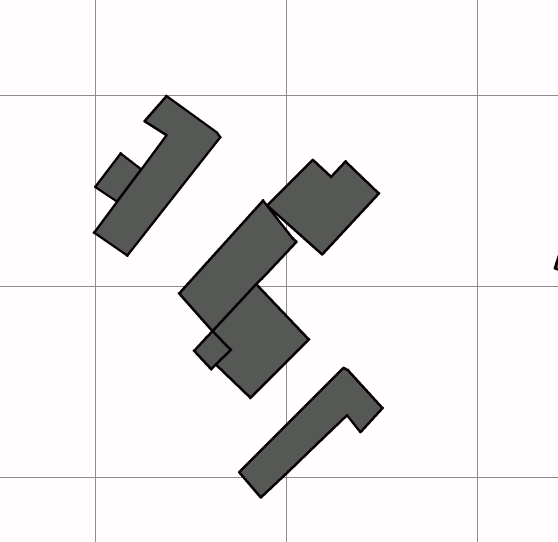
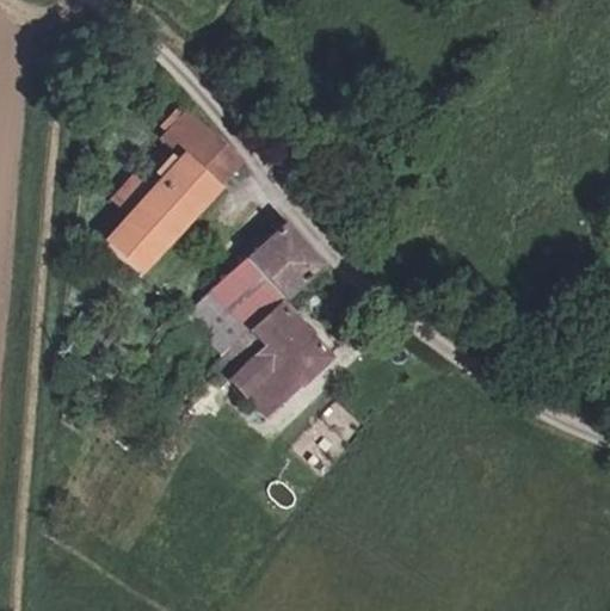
building: [267,160,379,254] -> none
building: [239,368,383,497] -> none

